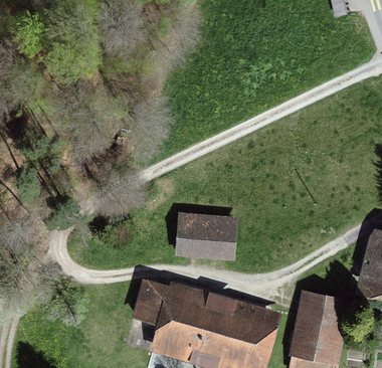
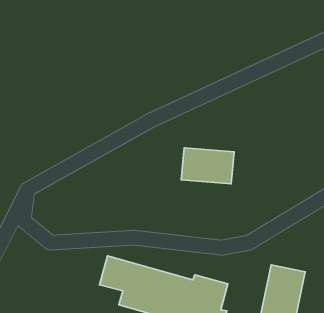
building: [178,216,231,252] -> [181,148,234,184]

